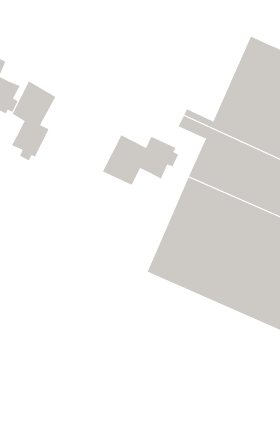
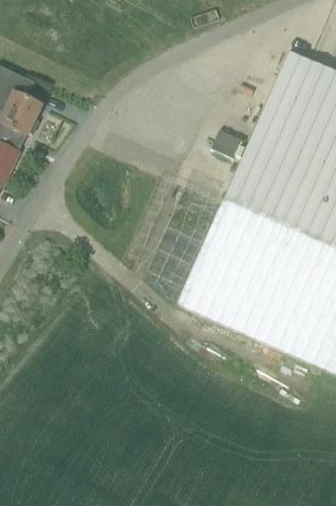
building: [11,81,56,161] -> none
building: [102,135,179,185] -> none

